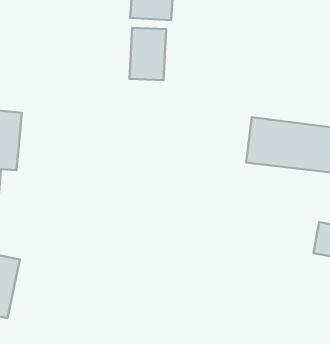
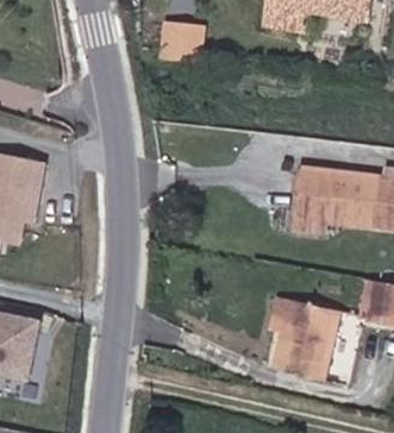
building: [129,28,166,80] -> none
building: none -> [262,296,330,379]

